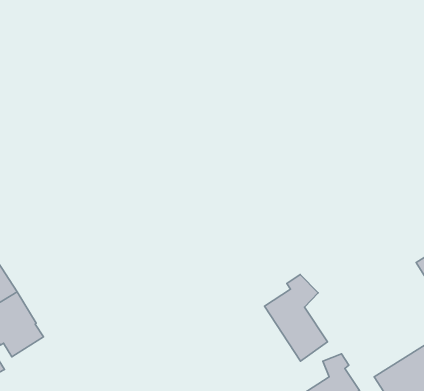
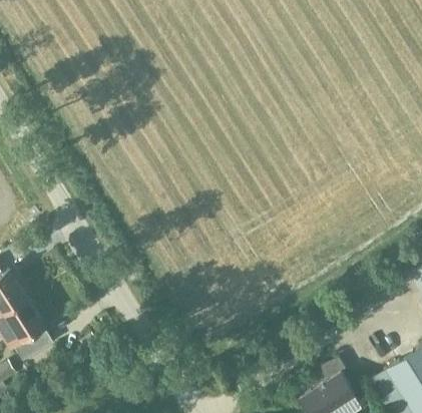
building: [264,274,327,361] -> none

